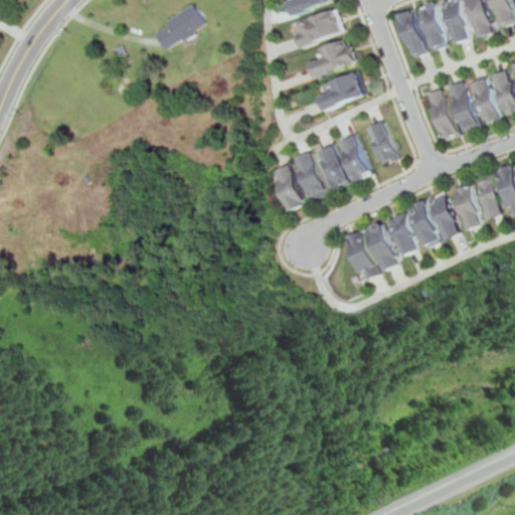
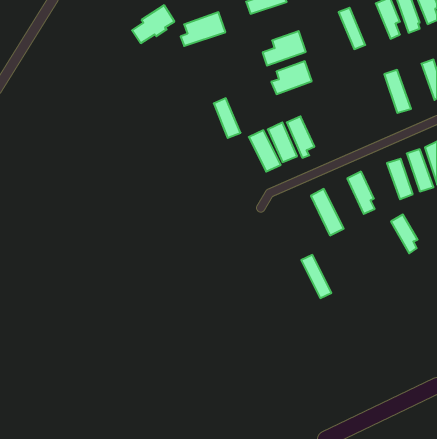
building: [417,7,445,50] -> none
building: [291,8,343,47] -> [181,12,225,46]
building: [471,77,500,125] -> none
building: [424,89,456,140] -> none
building: [363,117,393,165] -> none
building: [272,164,303,210] -> [214,98,241,138]
building: [427,193,459,238] -> [391,215,418,253]
building: [385,212,415,256] -> none
building: [343,231,378,282] -> [301,255,331,298]

